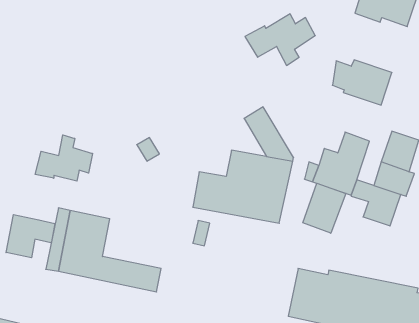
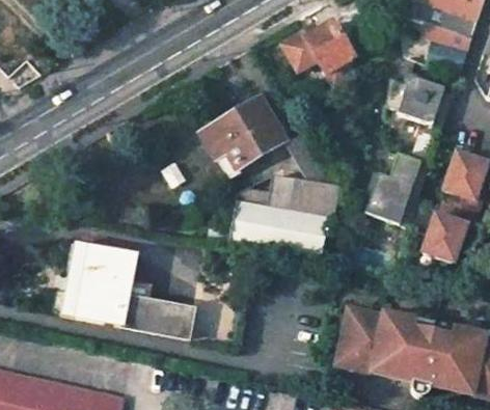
building: none -> [431,35,469,70]
building: none -> [205,102,281,165]
building: [35,135,93,181] -> none
building: [303,183,346,233] -> none
building: [6,215,55,258] -> none

